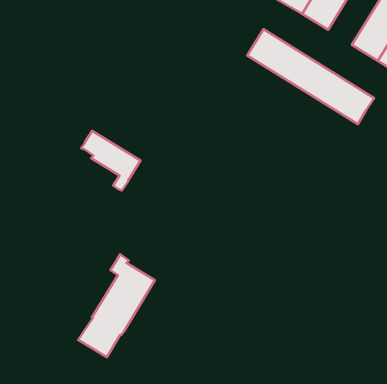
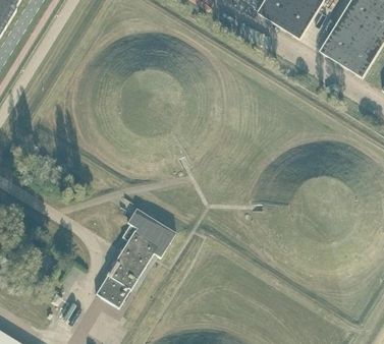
building: [247,29,374,124] -> none
building: [81,131,141,190] -> [126,207,175,255]

